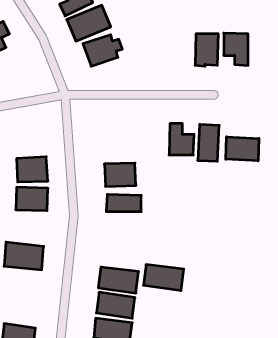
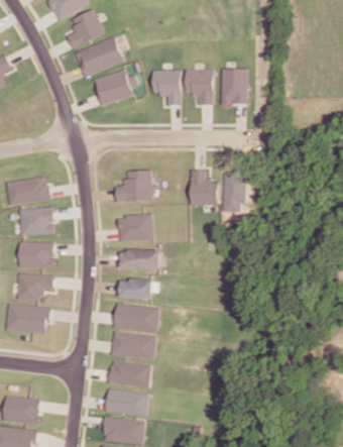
building: [224,33,248,65] -> [185,69,212,105]
building: none -> [152,70,181,105]
building: none -> [116,170,152,201]
building: none -> [6,177,49,205]
building: [226,137,259,161] -> none
building: none -> [17,273,53,302]
building: none -> [120,280,152,298]
building: [143,265,184,291] -> [114,303,159,332]

